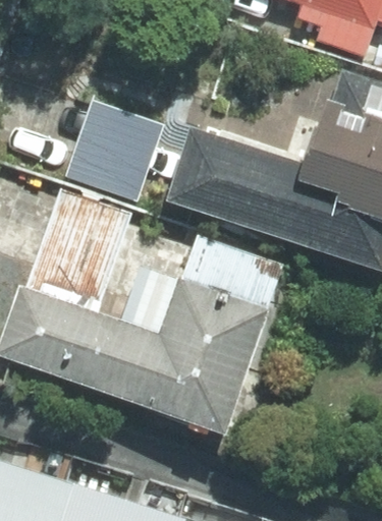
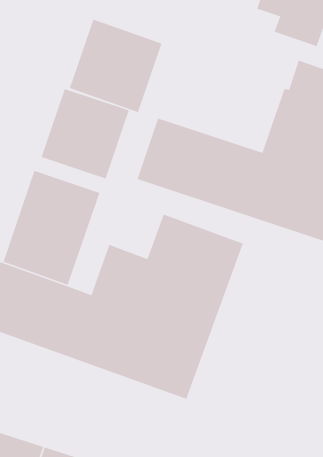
building: none -> [69,19,163,113]

